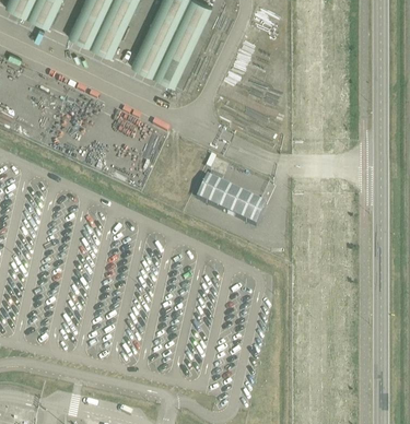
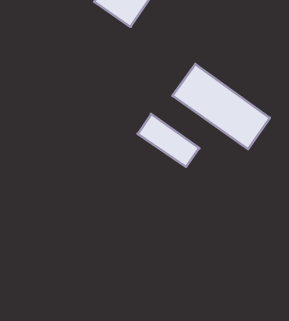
building: none -> [173,64,270,149]

